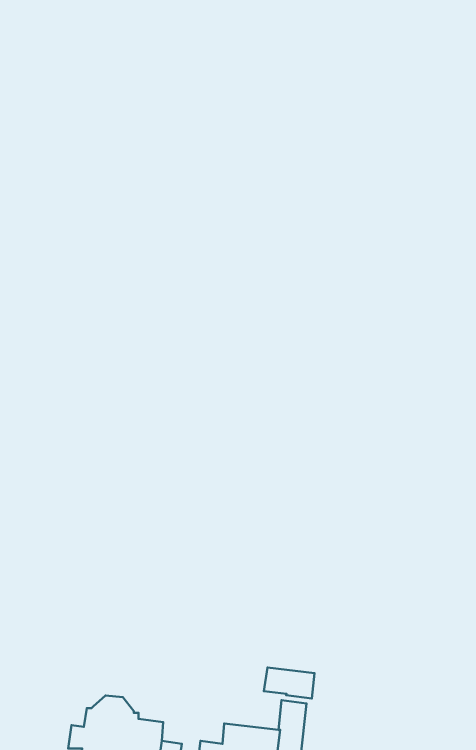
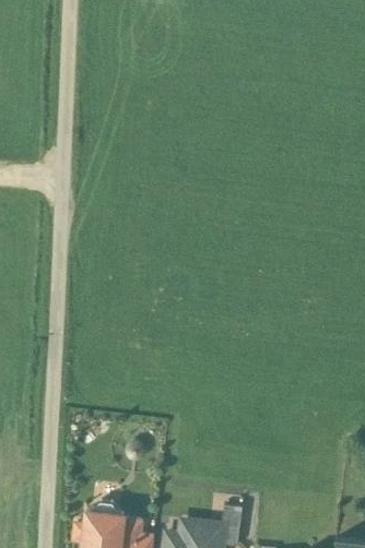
building: [264,668,314,698] -> none

